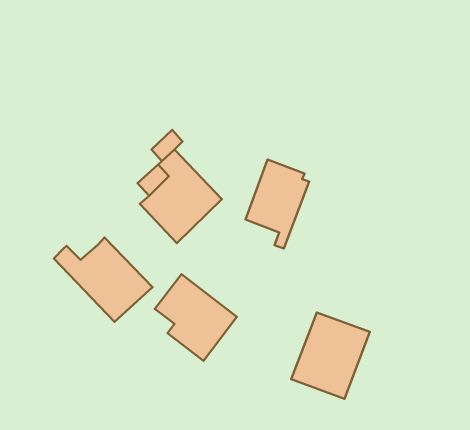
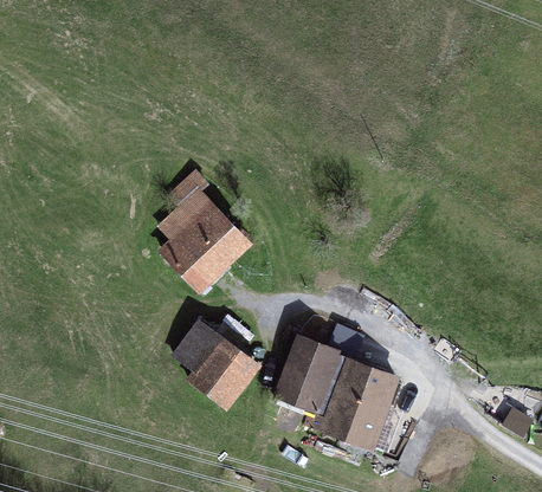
building: [246,160,309,249] -> [277,336,342,427]
building: [54,237,152,322] -> none

